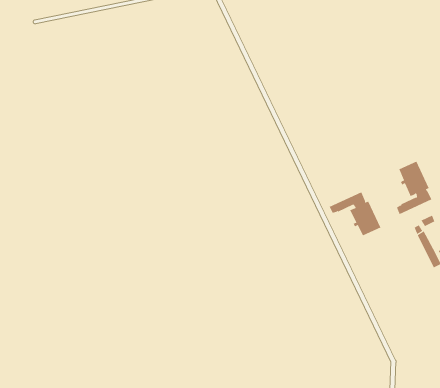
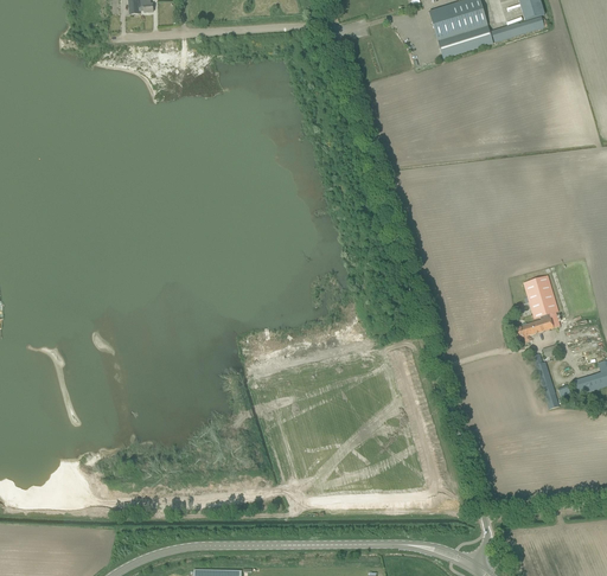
building: [329,191,381,236] -> none

